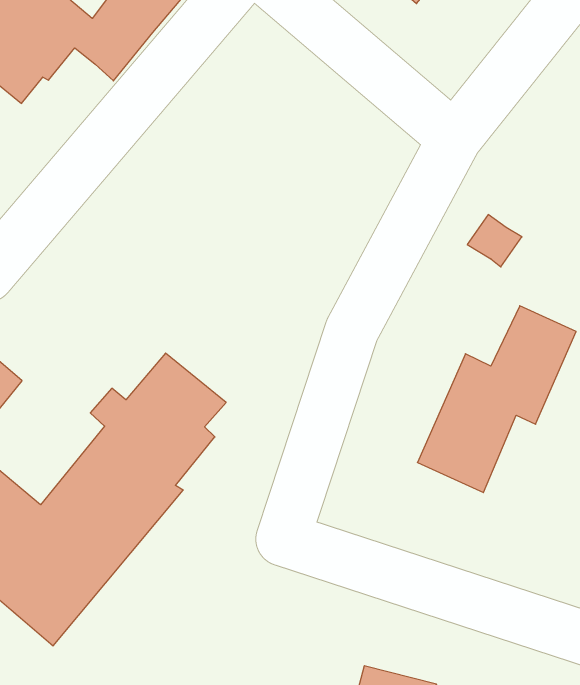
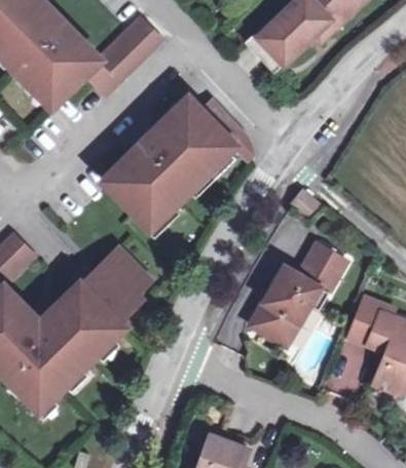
building: none -> [107,100,255,223]

